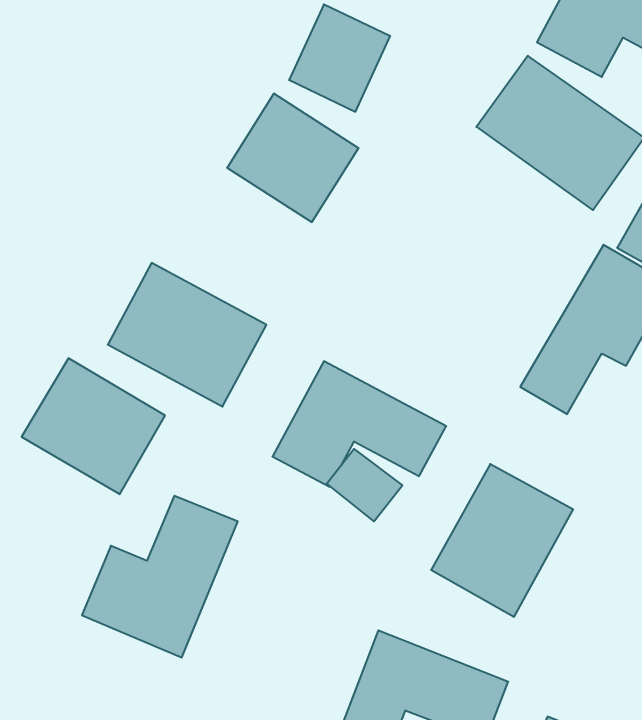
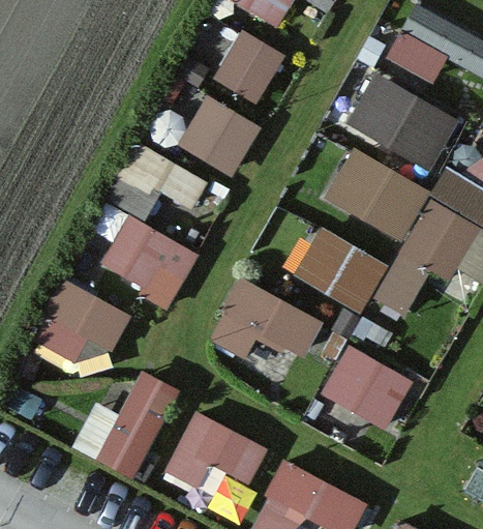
building: none -> [321,139,429,236]
building: none -> [288,218,387,305]
building: none -> [160,405,268,488]

